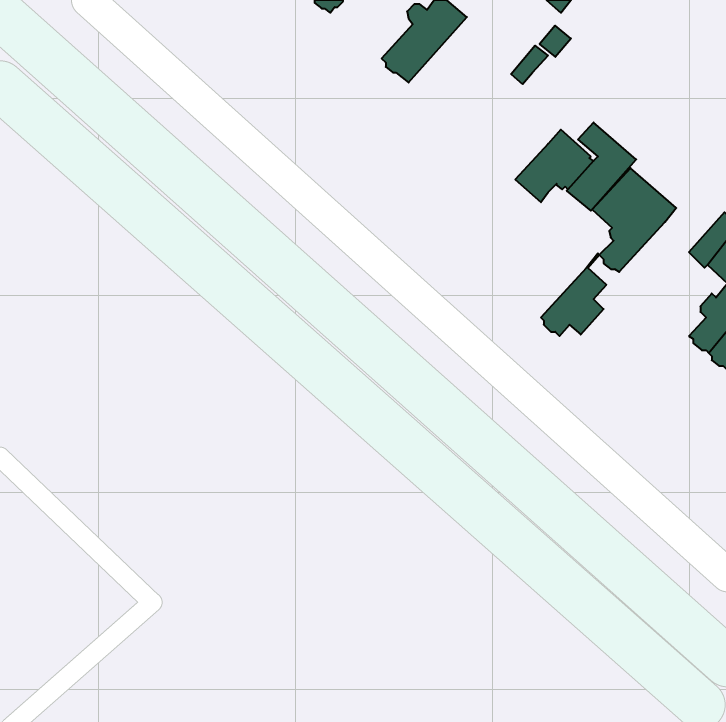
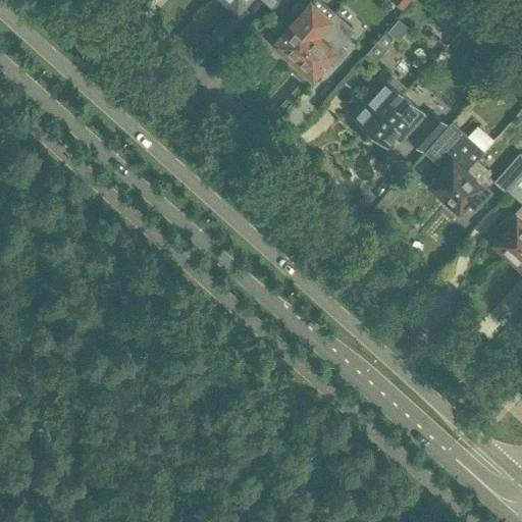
building: none -> [294,16,355,81]
building: none -> [353,71,408,133]
building: [541,253,606,336] -> [445,153,491,212]

